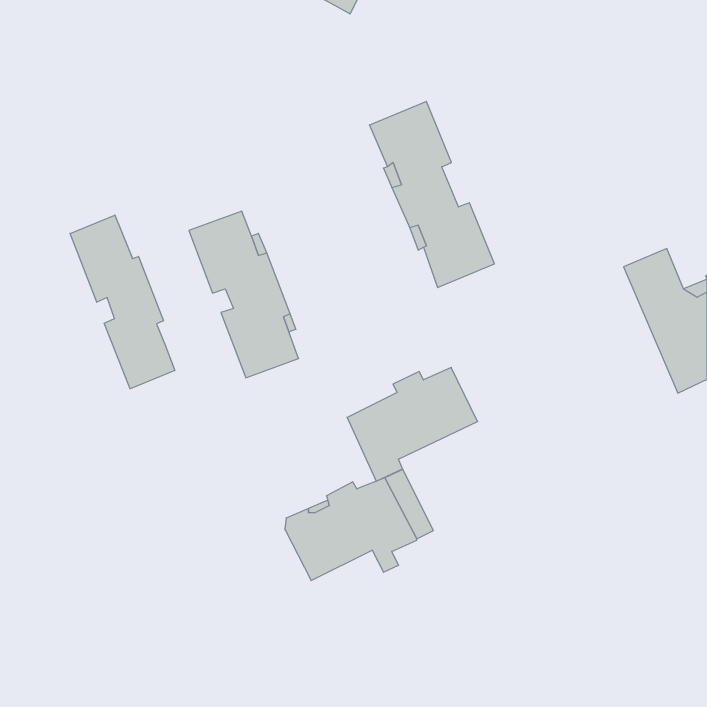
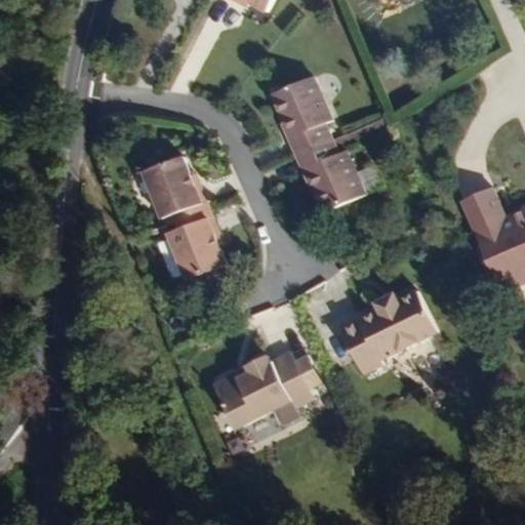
building: [70,215,175,389] -> none
building: [347,367,478,481] -> [337,290,434,374]

